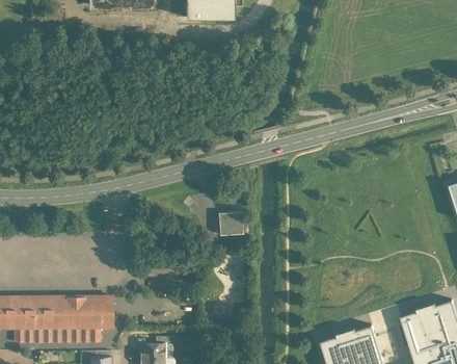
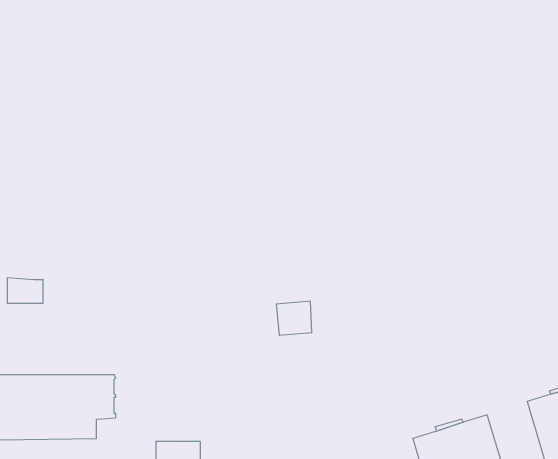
building: [218,213,243,237] -> [276,301,312,335]
building: none -> [8,278,43,303]

